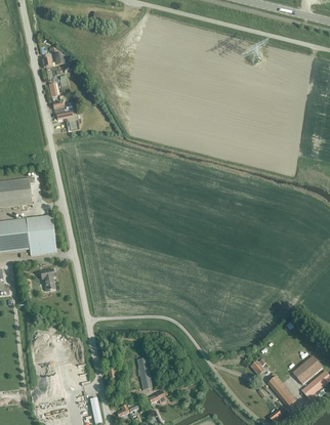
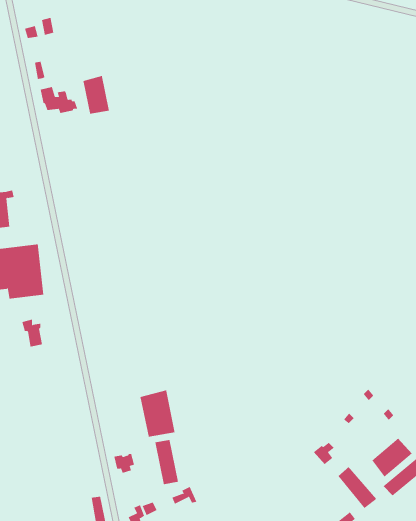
building: none -> [83,75,109,114]
building: none -> [140,389,175,437]

